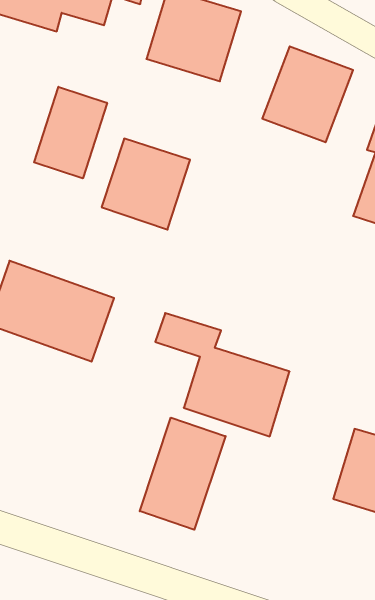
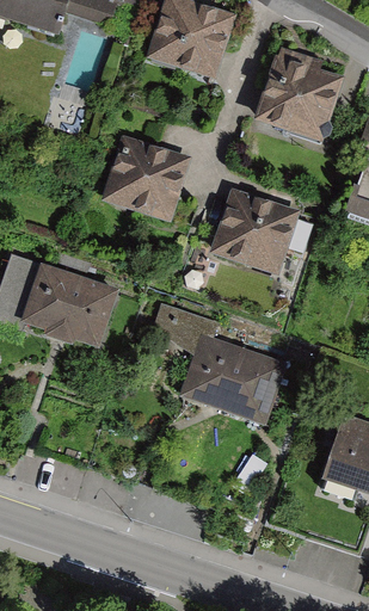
building: [34,87,107,178] -> none
building: none -> [211,185,296,273]
building: [140,418,226,530] -> none

